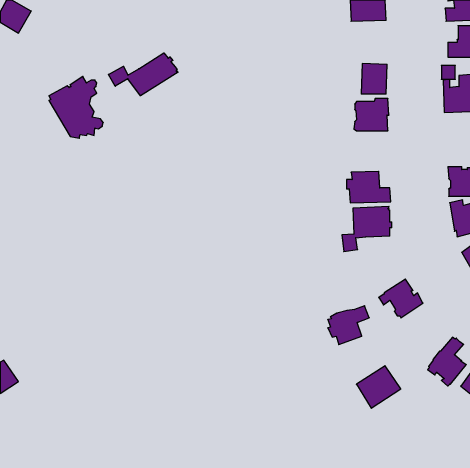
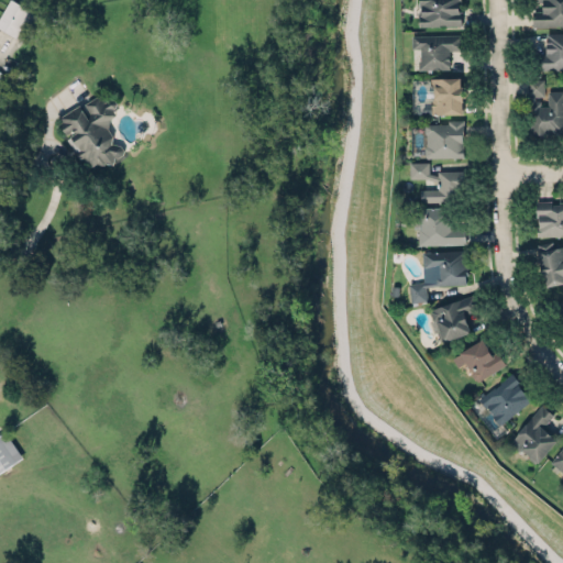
building: none -> [412,34,463,70]
building: [108,53,178,96] -> none
building: none -> [411,163,466,205]
building: [328,306,369,345] -> [430,296,479,342]
building: [356,366,401,408] -> [479,376,532,427]

